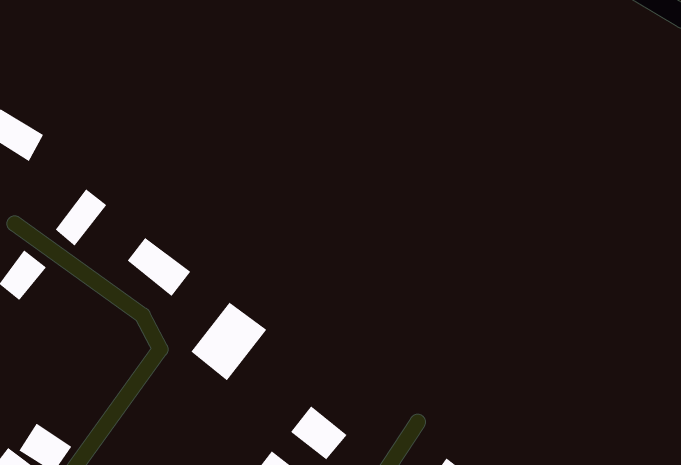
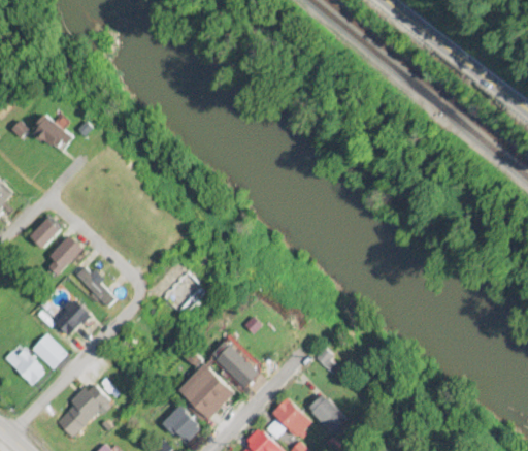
building: [55,188,107,247] -> [45,235,84,275]
building: [127,237,191,297] -> [74,262,118,305]
building: none -> [55,298,91,335]

